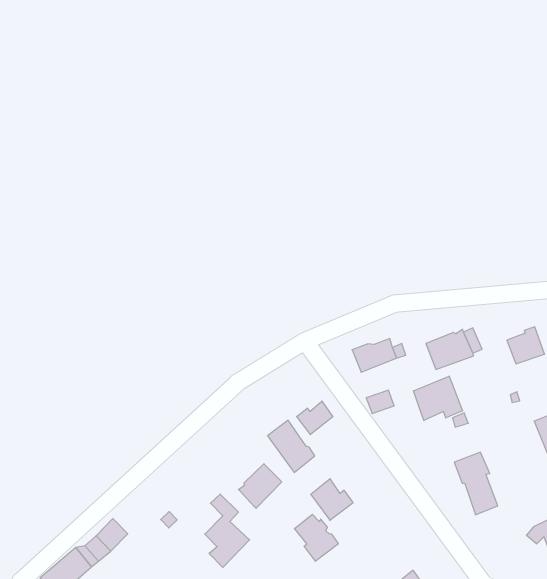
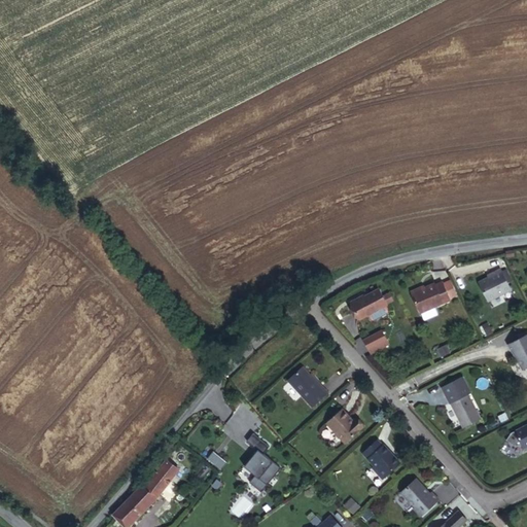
building: [414,376,463,421] -> none
building: [297,401,333,435] -> none
building: [238,464,282,508] -> none
building: [294,514,338,561] -> [364,441,401,479]

